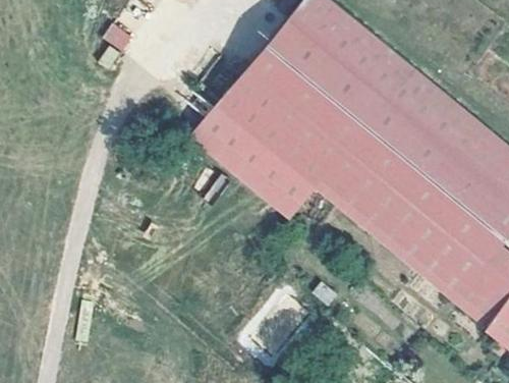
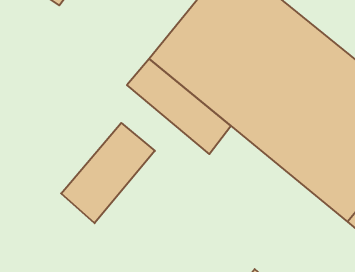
building: none -> [61,123,155,223]

